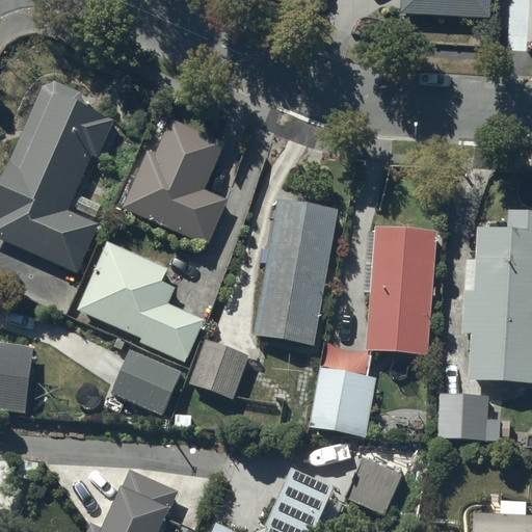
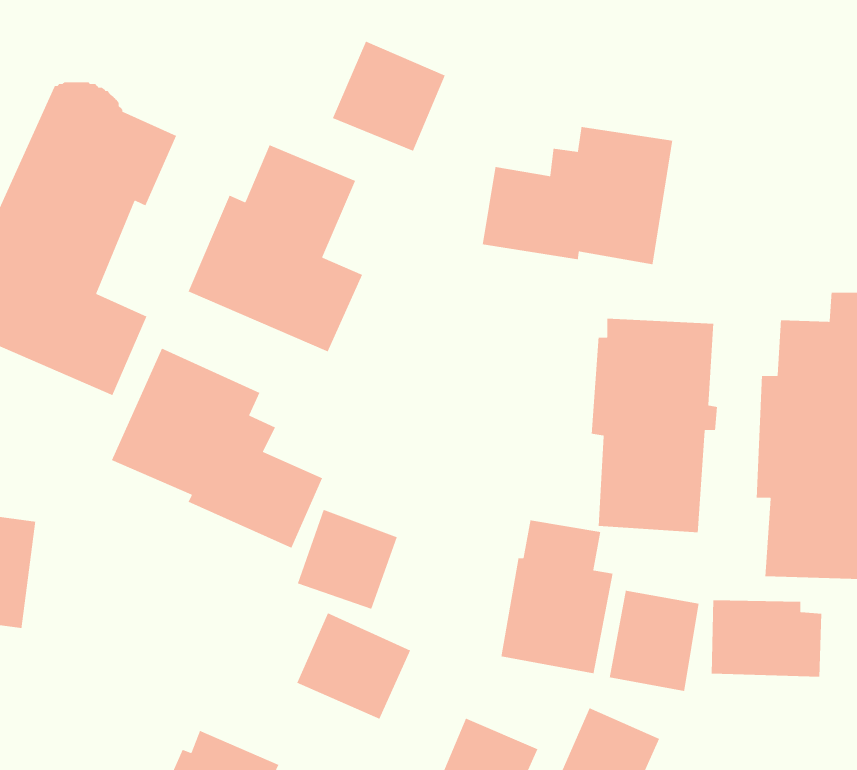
building: none -> [332,41,446,152]
building: none -> [482,126,673,265]
building: [254,200,336,345] -> none
building: [111,349,180,414] -> [296,612,411,720]
building: none -> [609,590,700,692]

